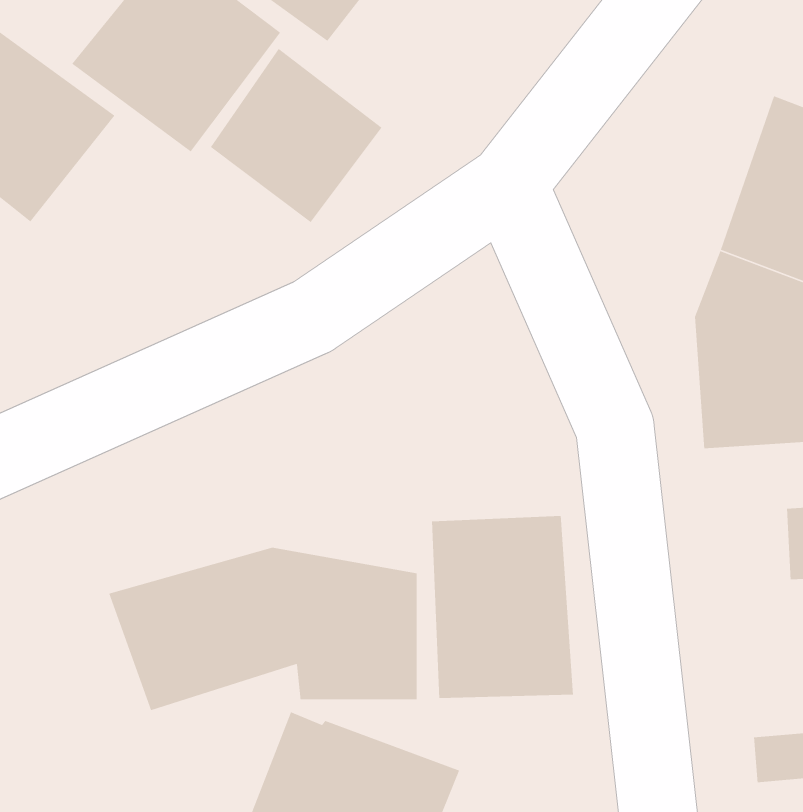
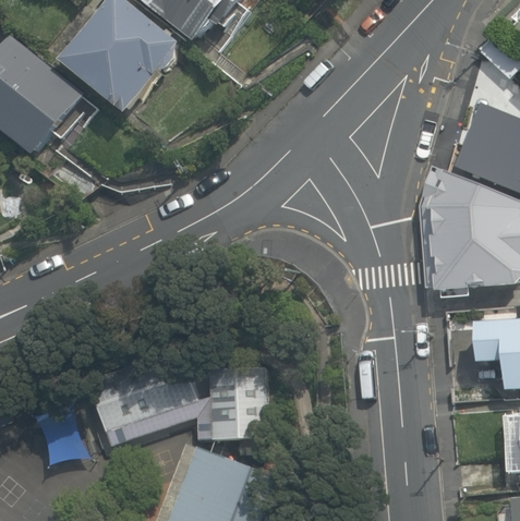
building: [210,48,383,223] -> none
building: [431,515,574,699] -> none

